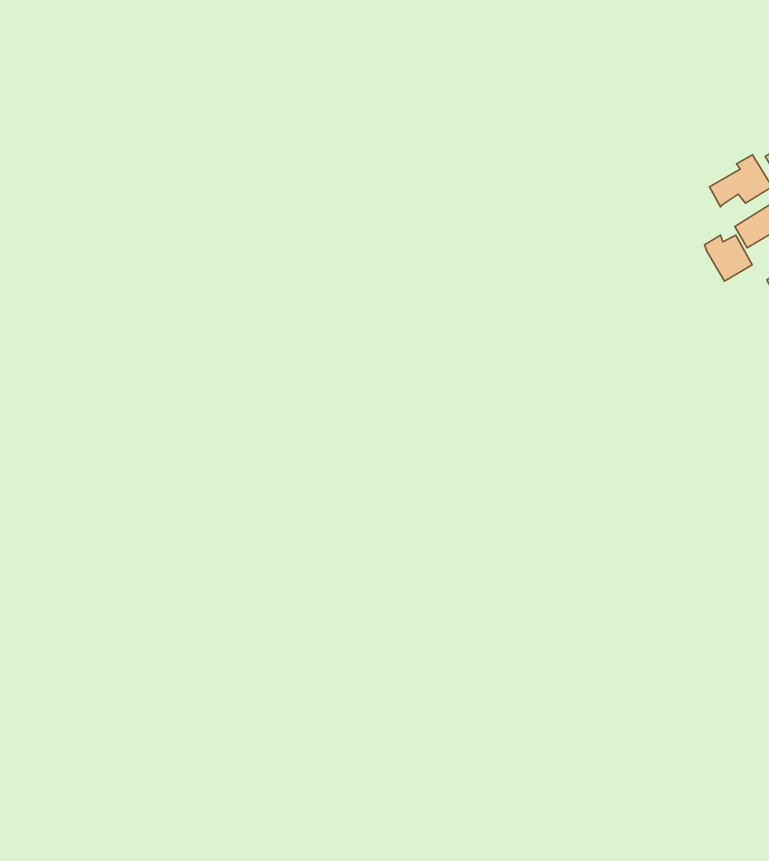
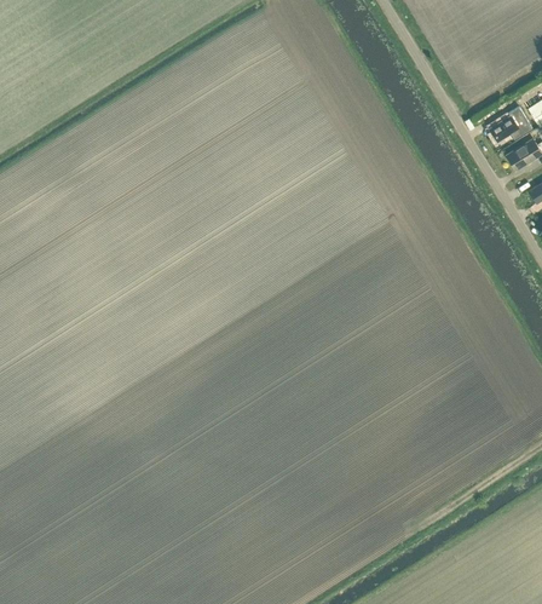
building: [704,235,752,281] -> none

